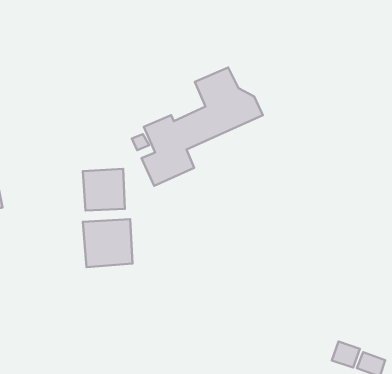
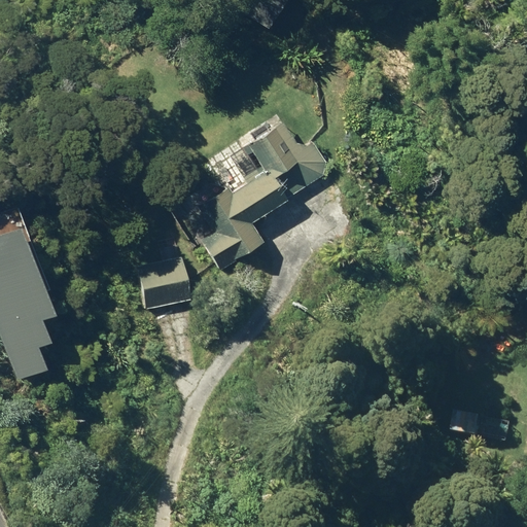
building: [83,219,133,267] -> none

